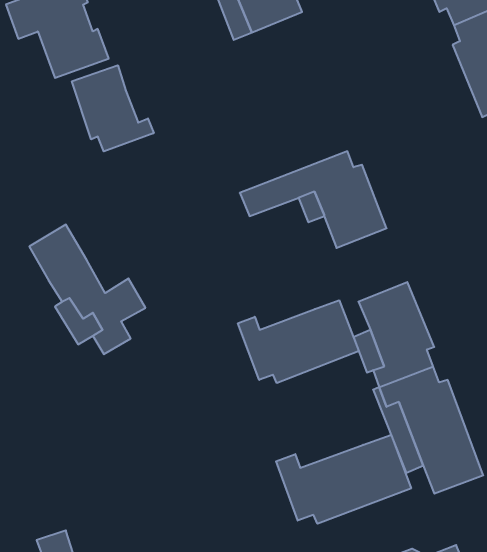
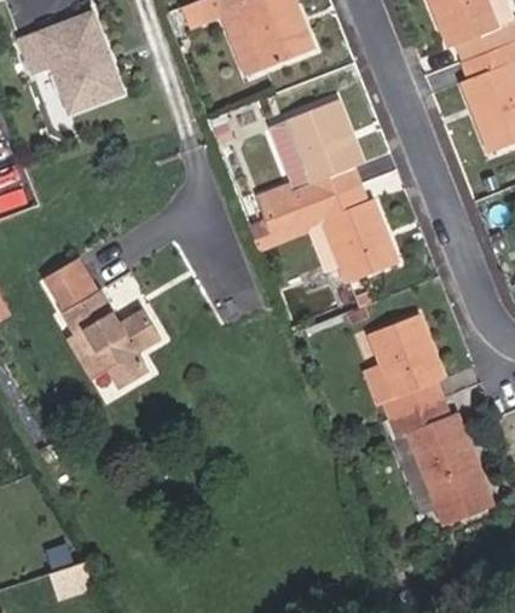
building: none -> [259,98,360,219]
building: [72,65,154,151] -> none
building: [238,300,359,383] -> none
building: [276,435,411,524] -> none

